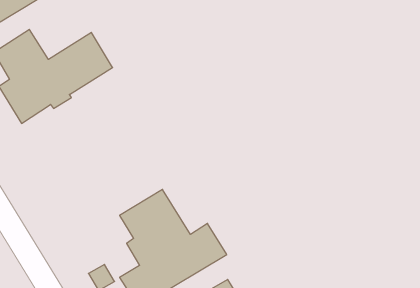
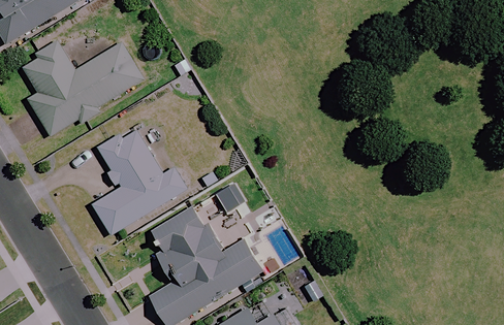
building: none -> [91,127,187,235]

